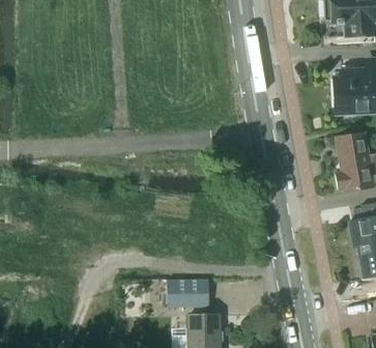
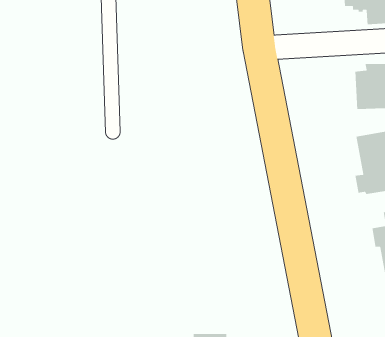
building: [169,281,209,308] -> none

